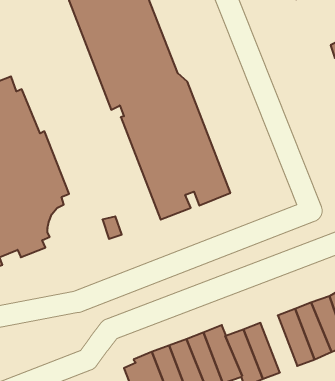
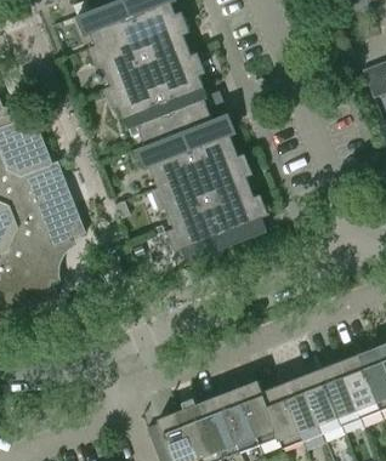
building: none -> [300,369,341,433]

